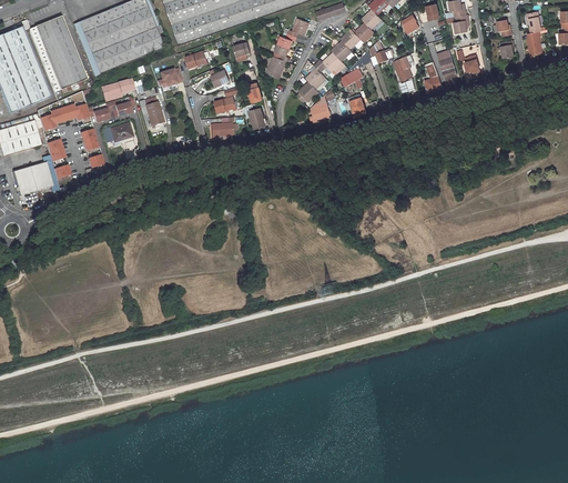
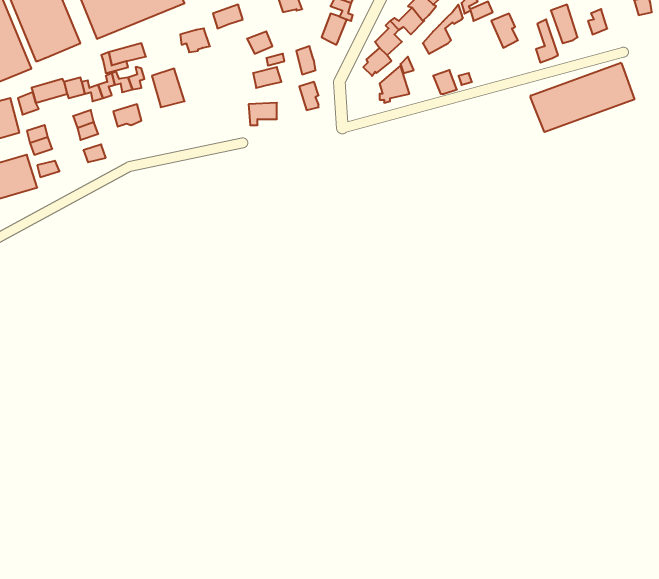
building: none -> [530,63,634,132]

